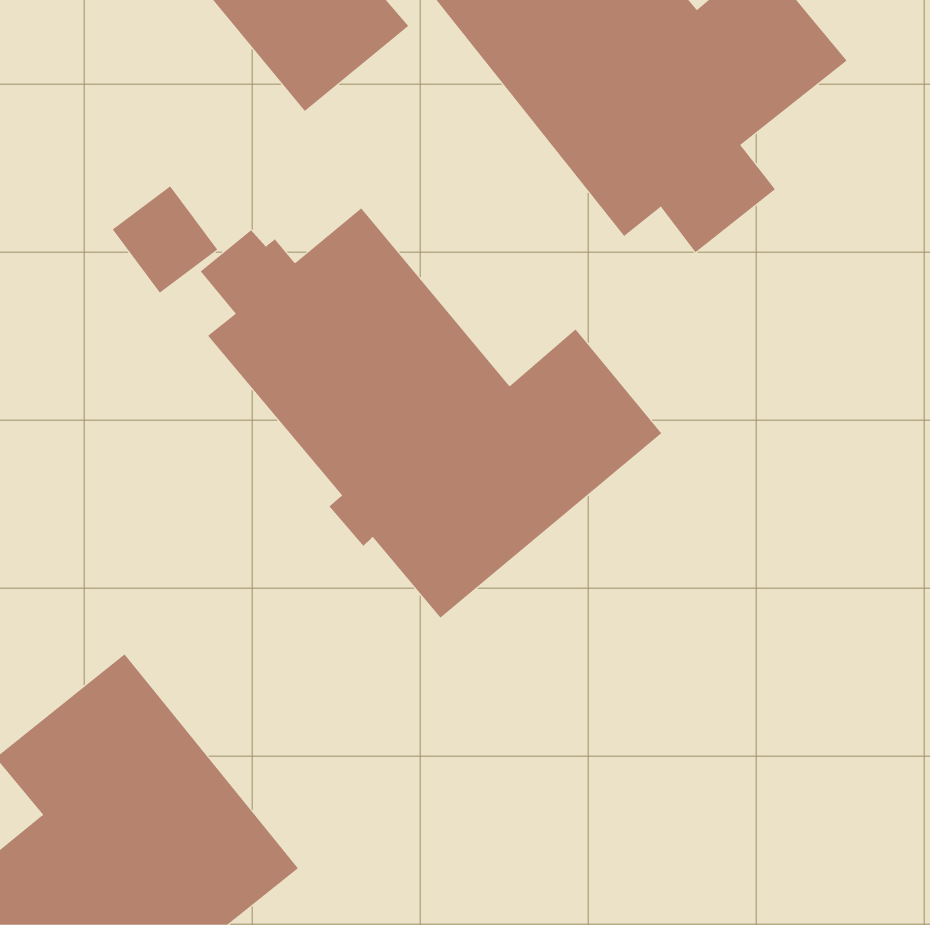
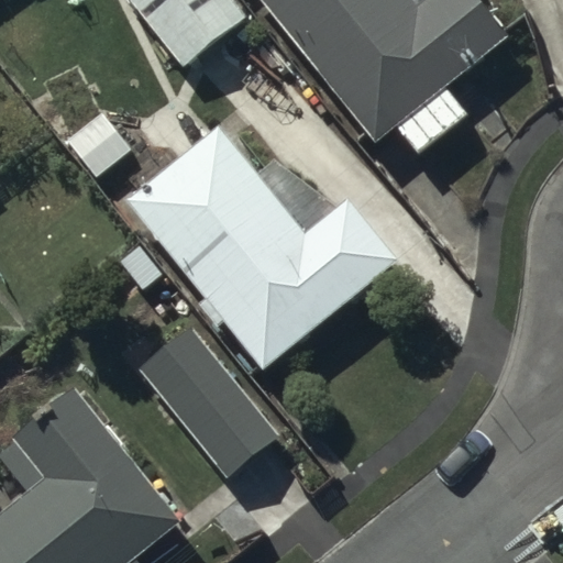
building: none -> [139,327,276,475]

